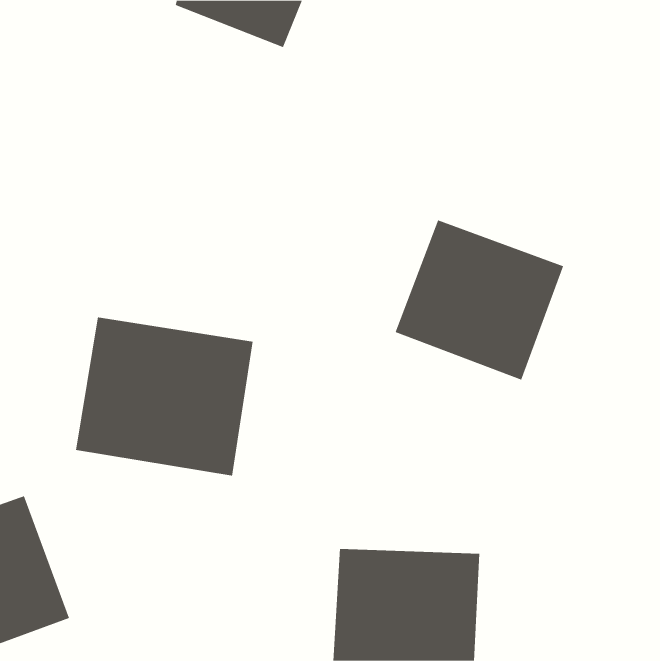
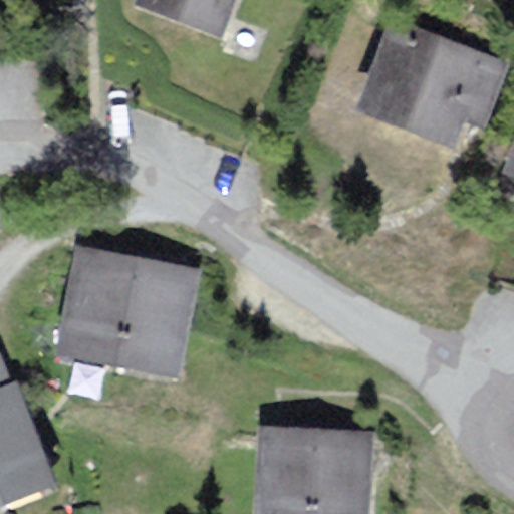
building: none -> [360,21,504,148]
building: [395,219,564,381] -> none

